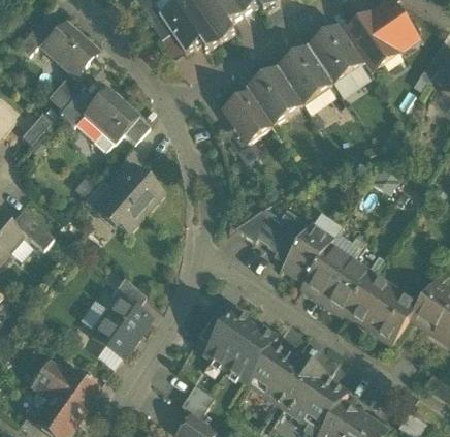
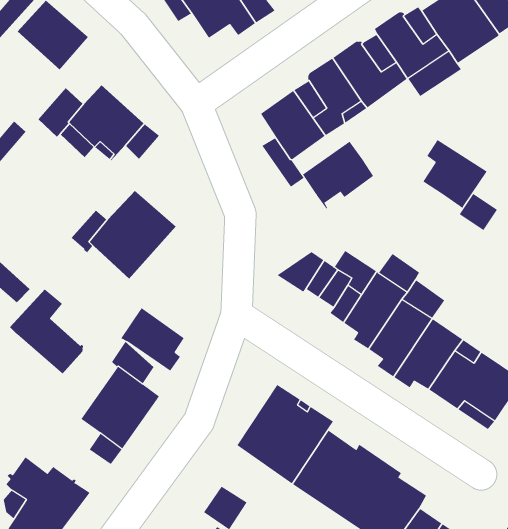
building: none -> [423,139,487,209]
building: none -> [302,141,374,210]
building: none -> [9,288,83,375]
building: none -> [121,307,185,371]

